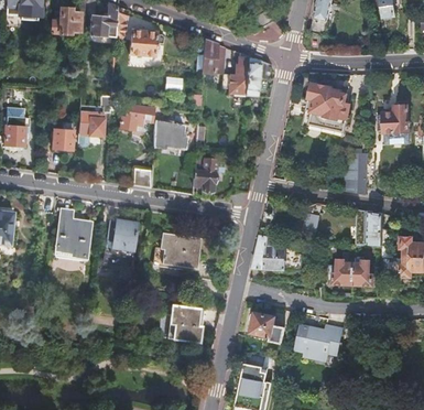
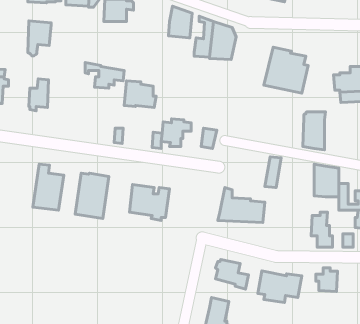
building: [78,109,104,147] -> [28,21,51,56]
building: [331,261,355,287] -> [316,268,337,292]
building: [171,306,205,343] -> none

